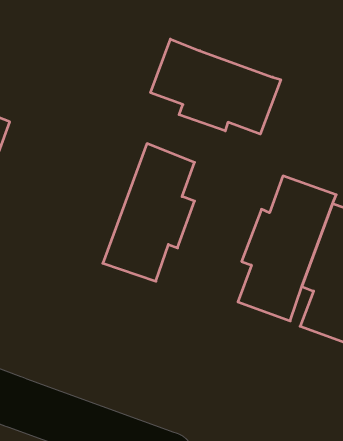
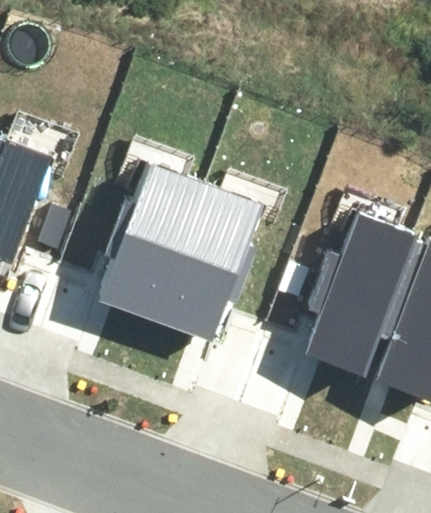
building: [151,39,281,134] -> none
building: none -> [97,158,203,311]

